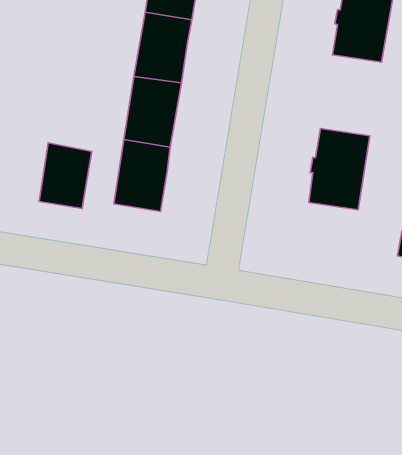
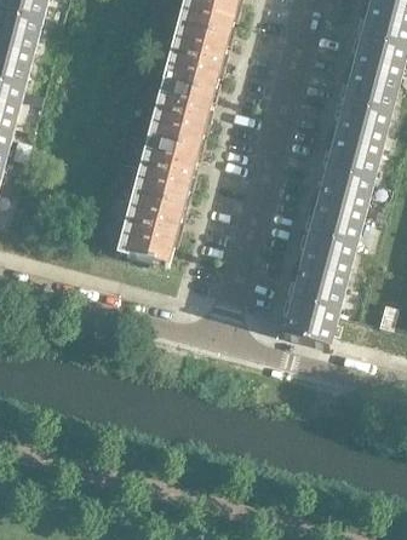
building: none -> [320,132,380,208]
building: [39,143,92,208] -> none
building: none -> [285,263,346,340]

